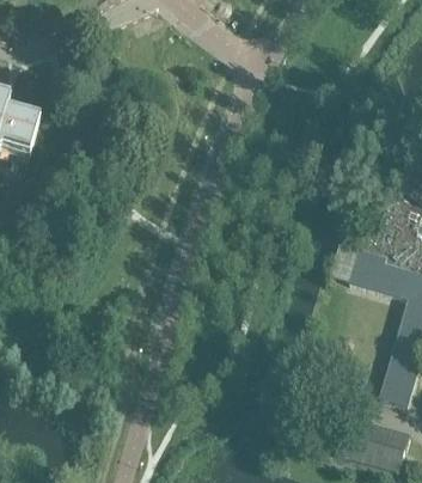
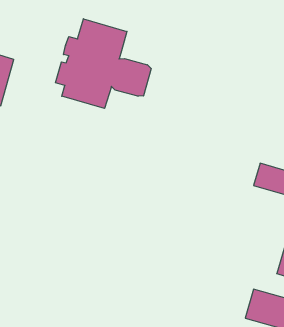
building: none -> [55,19,151,108]

